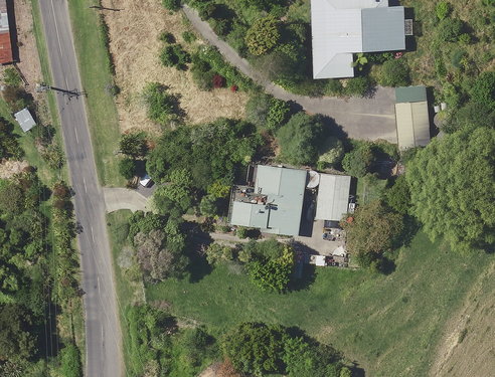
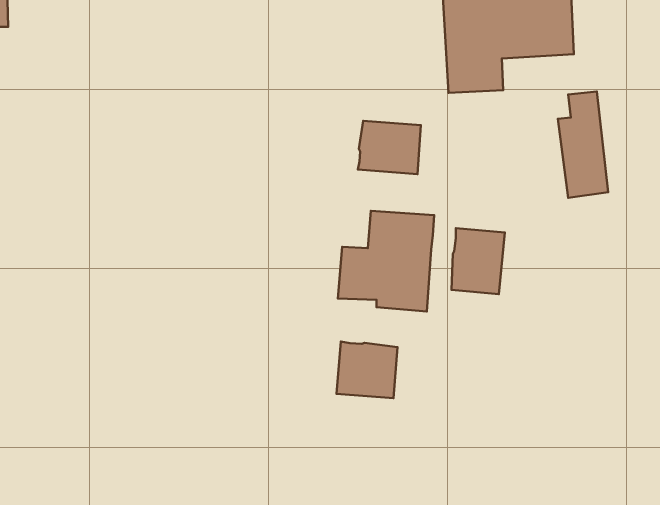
building: none -> [358,121,421,174]
building: none -> [337,341,397,398]

